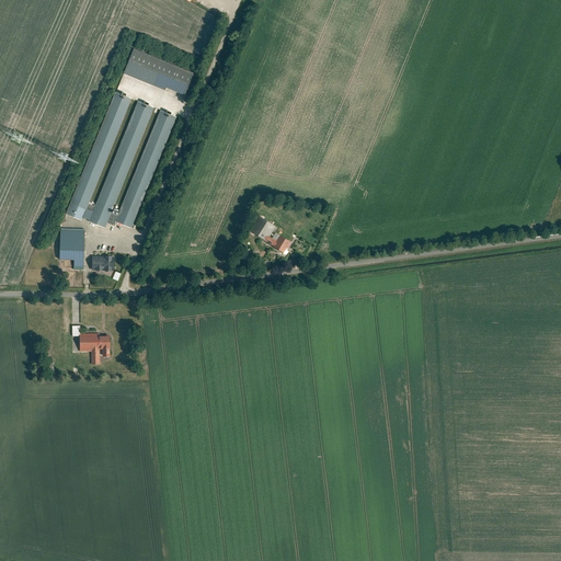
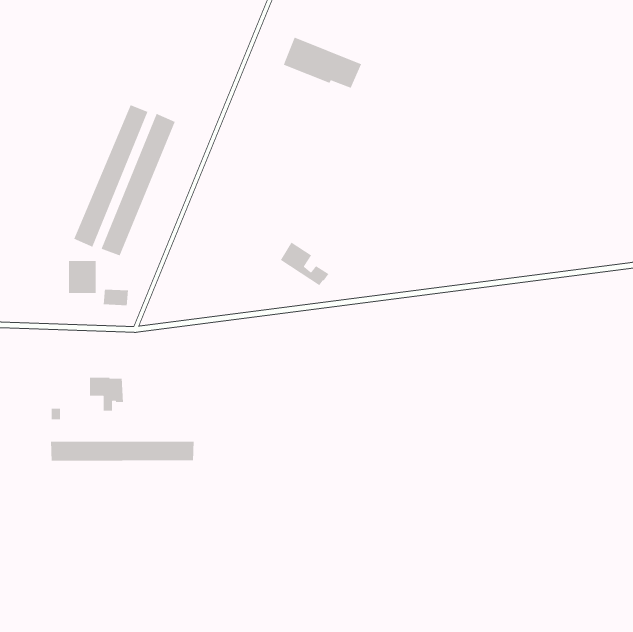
building: [125,48,195,94] -> [283,37,362,89]
building: [114,110,176,228] -> none
building: none -> [50,441,194,461]

